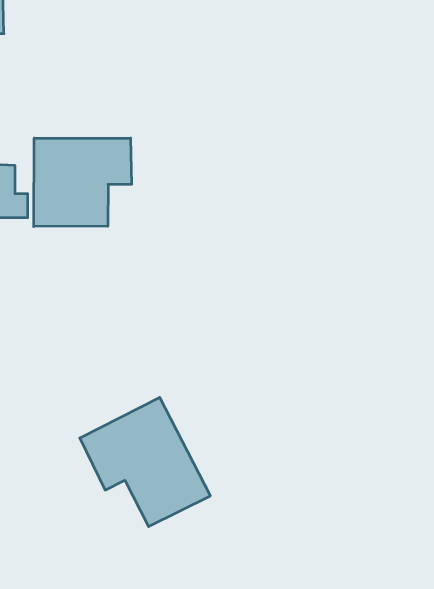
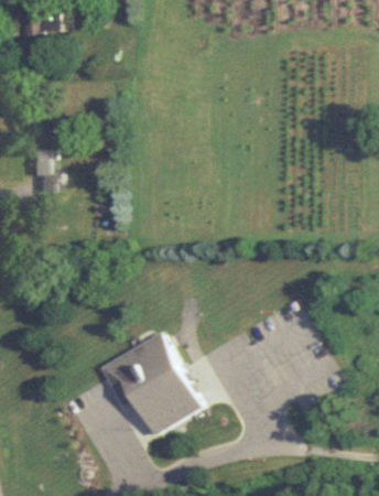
building: [34,138,132,227] -> none

